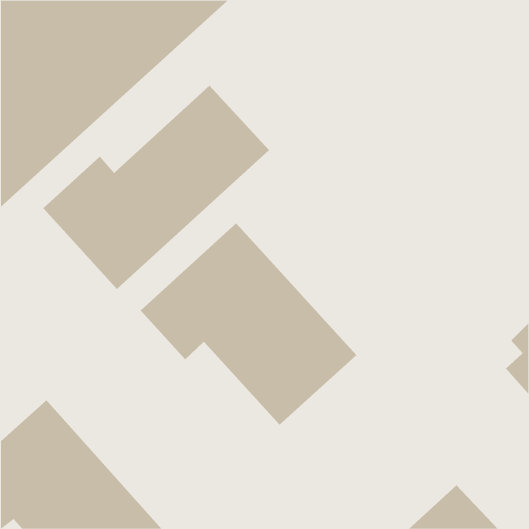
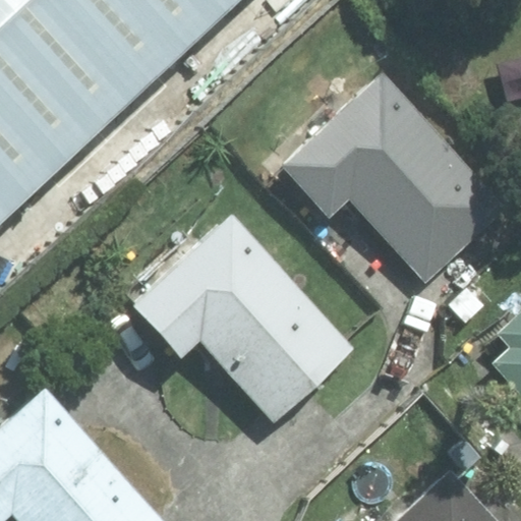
building: none -> [286,77,503,278]
building: [43,85,270,290] -> none

